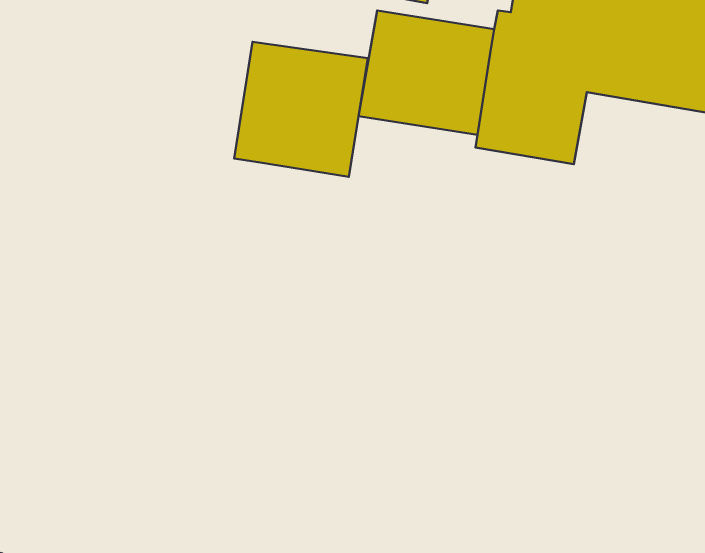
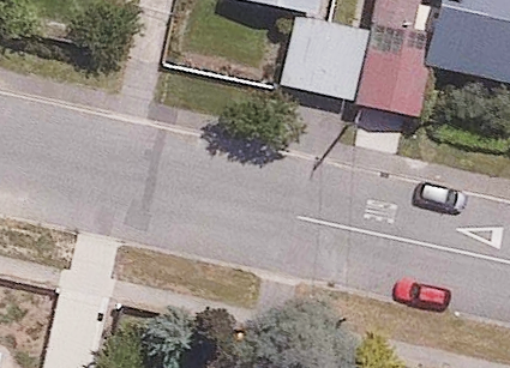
building: [234,42,368,177] -> none

